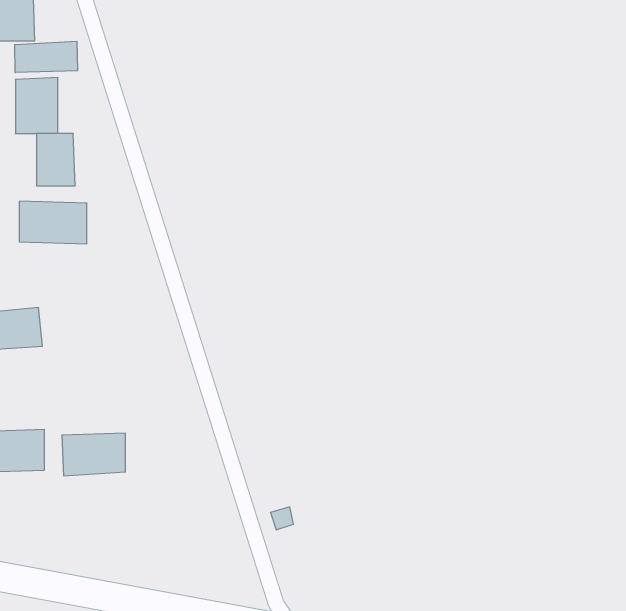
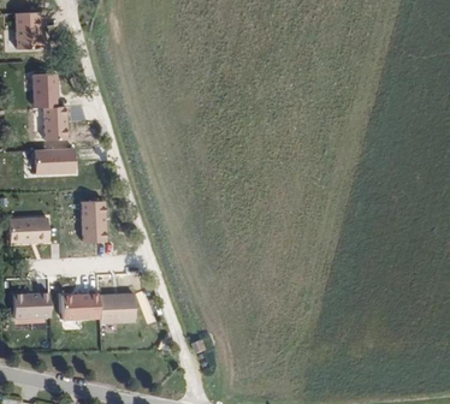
building: [15,41,77,73] -> none
building: none -> [77,198,103,242]
building: none -> [100,291,135,321]

